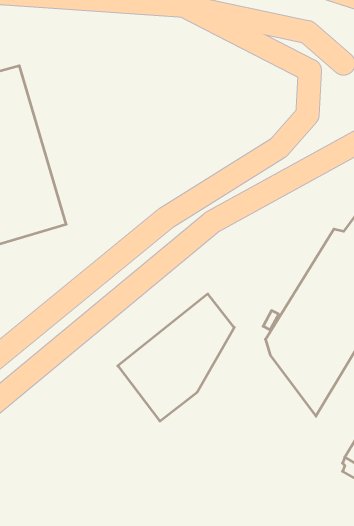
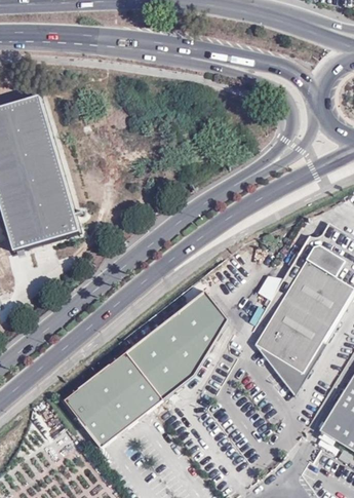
building: none -> [63,352,160,447]

